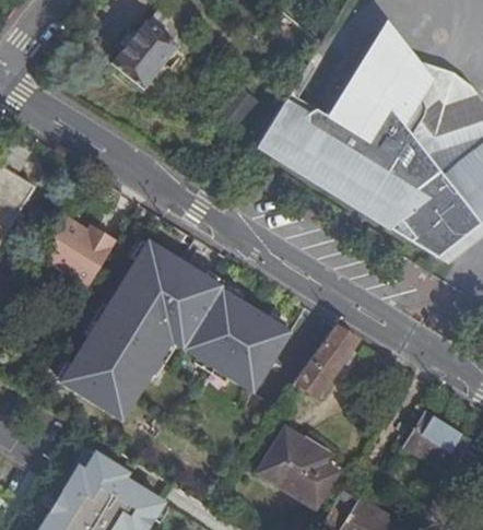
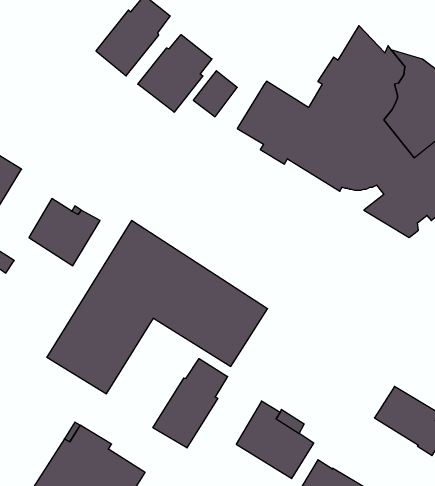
building: none -> [138,35,212,112]
building: [291,326,357,398] -> none
building: none -> [153,359,228,448]

